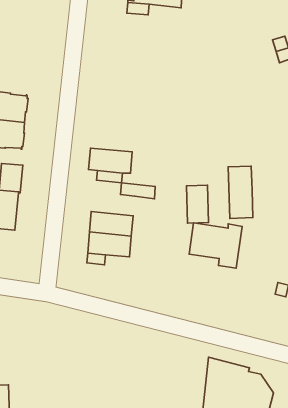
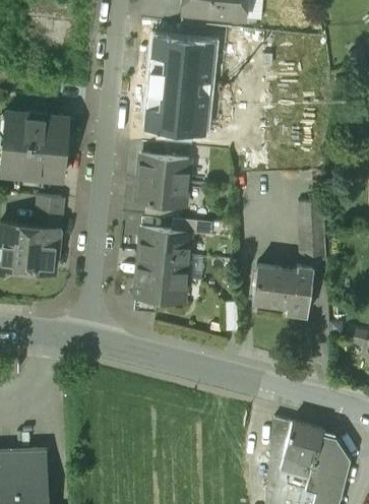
building: none -> [144,36,214,135]
building: none -> [140,156,190,183]
building: [186,185,209,223] -> none
building: none -> [141,229,191,256]

